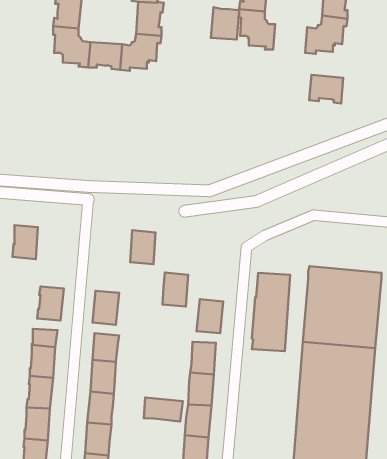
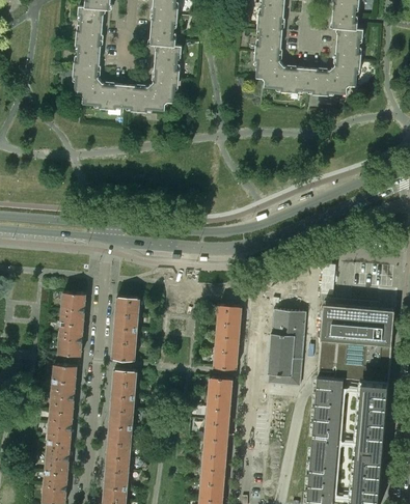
building: [211,7,239,39] -> none
building: [309,75,343,103] -> [289,66,322,94]
building: [12,225,38,259] -> [61,291,86,325]
building: [130,230,156,264] -> [115,296,140,329]
building: [163,273,188,307] -> [217,304,242,337]
building: [144,398,183,421] -> none

